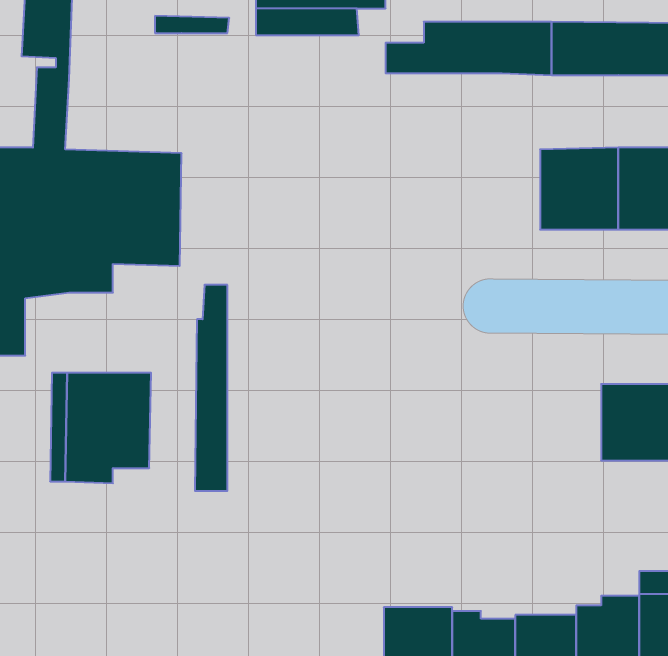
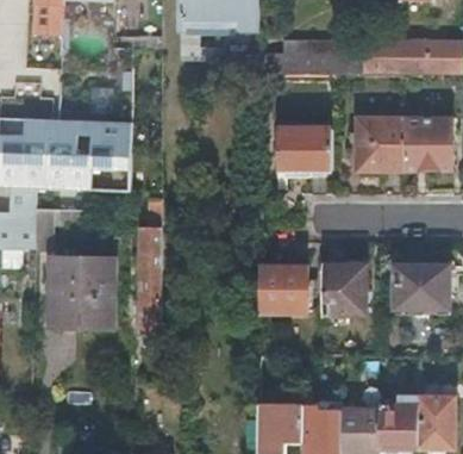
building: none -> [276,129,332,170]
building: none -> [321,265,363,315]
building: none -> [258,267,306,313]

